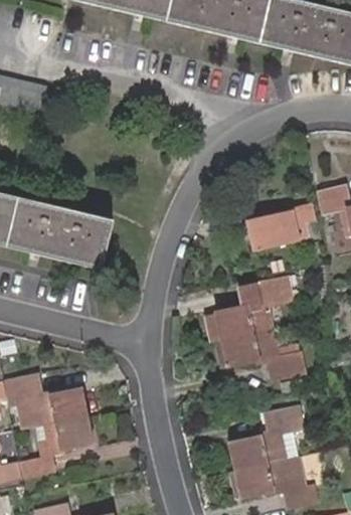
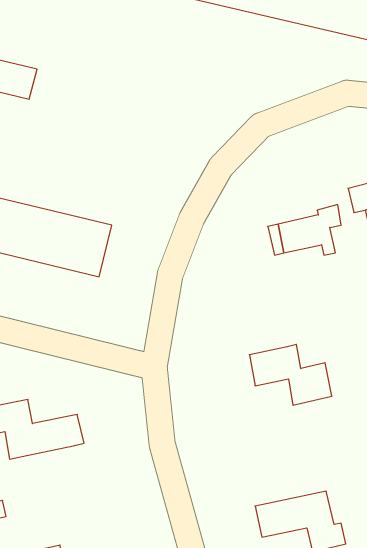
building: [218,276,294,338] -> none
building: [231,405,303,469] -> none
building: [22,413,93,477] -> none

